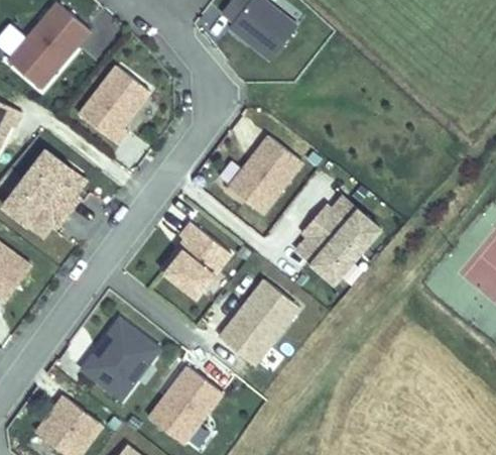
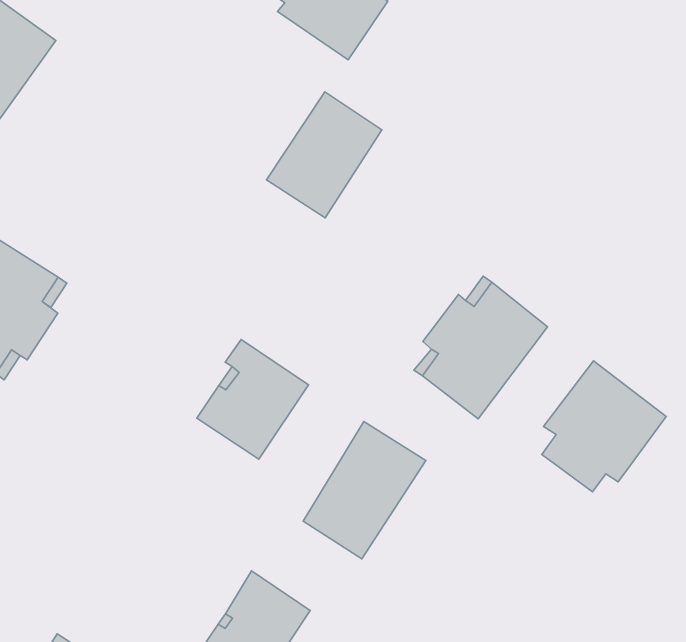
building: [80,62,150,140] -> none
building: [228,137,301,215] -> [266,92,382,218]
building: none -> [542,361,666,492]
building: [80,319,158,401] -> none

